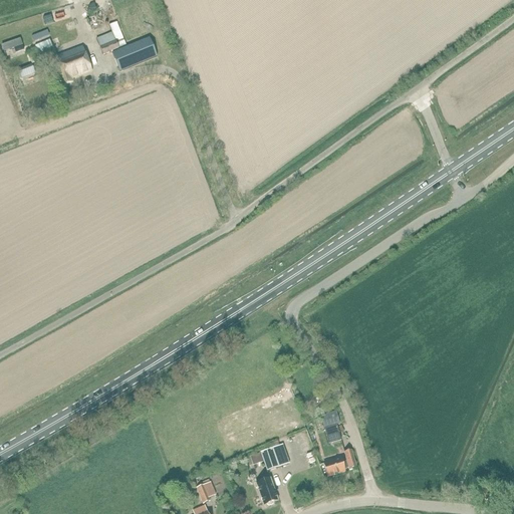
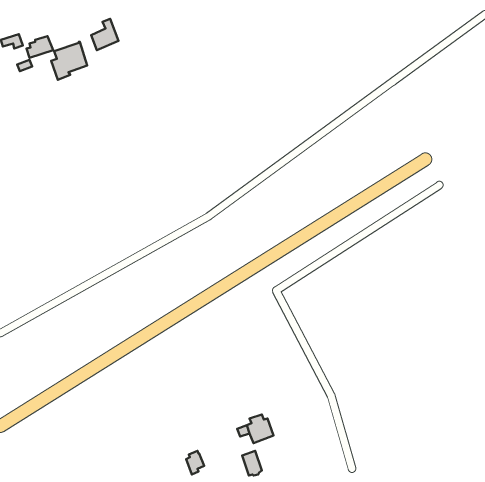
building: [112,36,157,69] -> none
building: [321,411,341,442] -> none
building: [323,449,356,475] -> none

